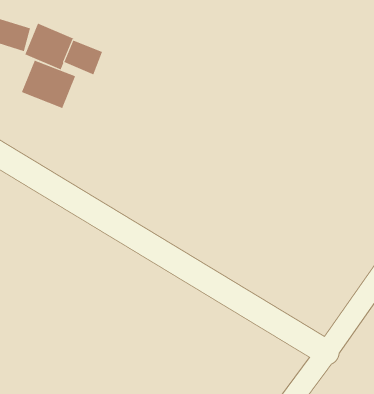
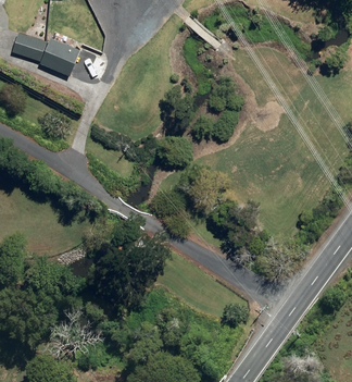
building: [21,60,76,109] -> none

